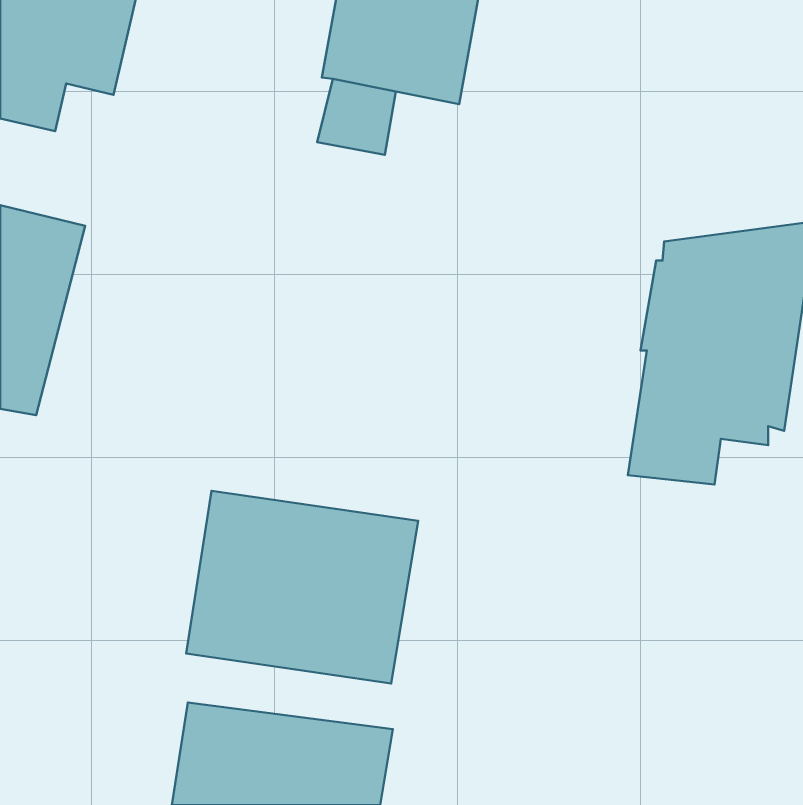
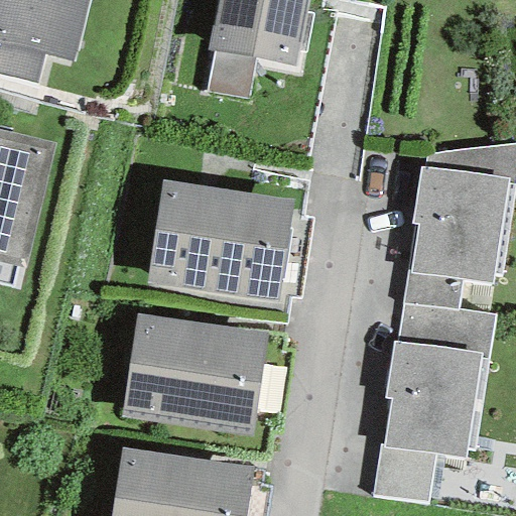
building: none -> [147,179,293,302]
building: none -> [375,303,496,503]

